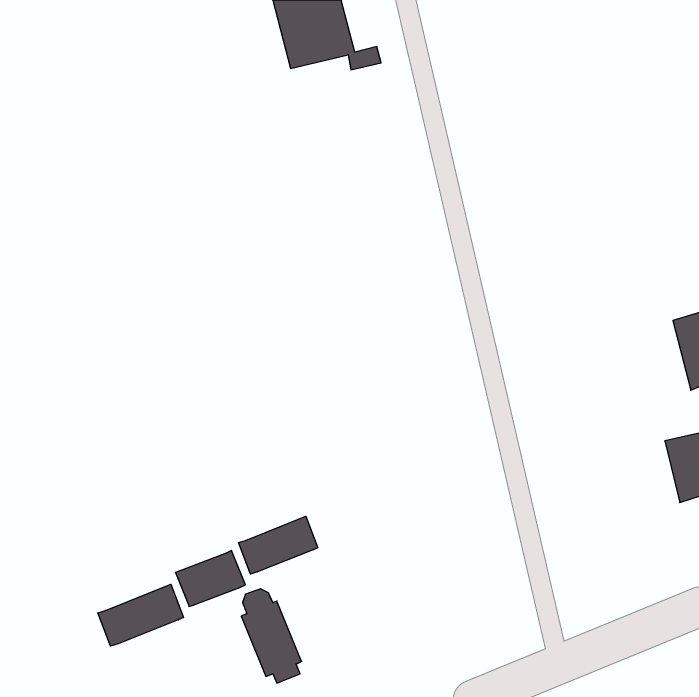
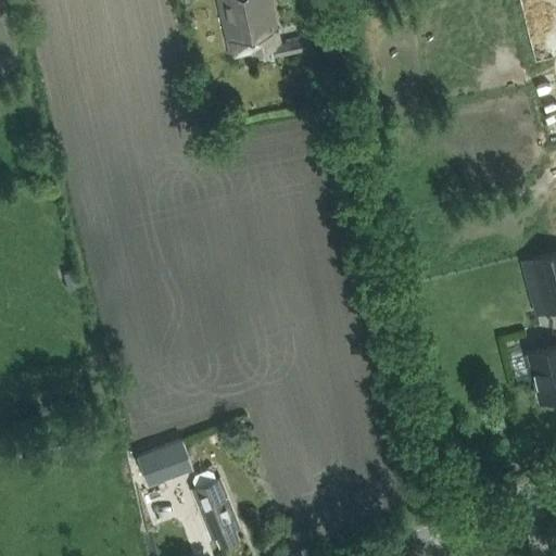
building: [239,516,318,574] -> none
building: [98,584,183,646] -> none

